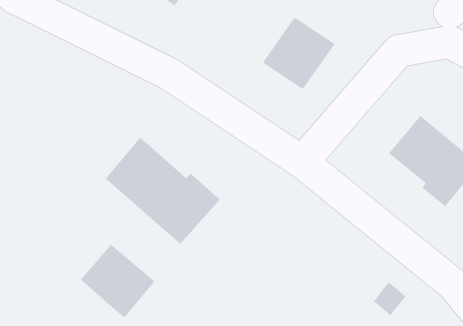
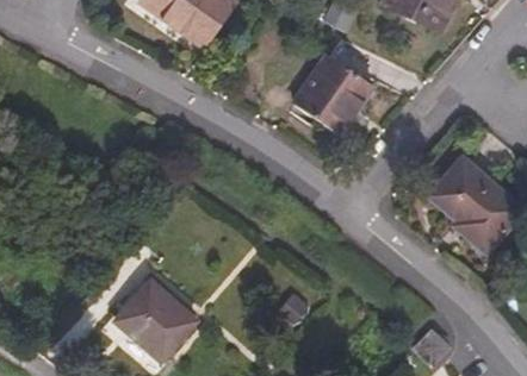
building: [105,137,221,245] -> none

